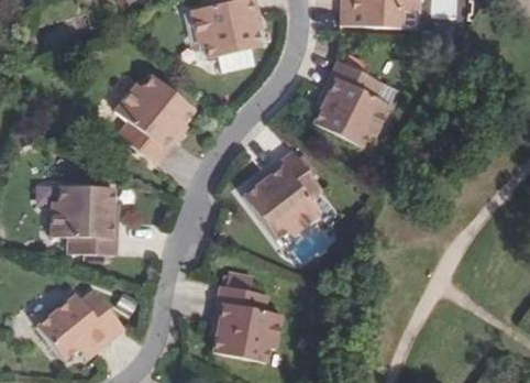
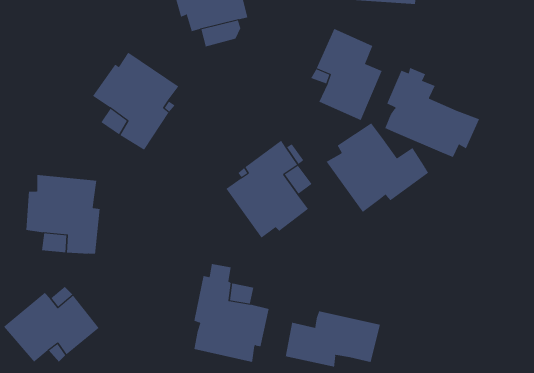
building: none -> [385,67,480,158]
building: none -> [326,123,429,213]
building: none -> [285,311,381,368]

